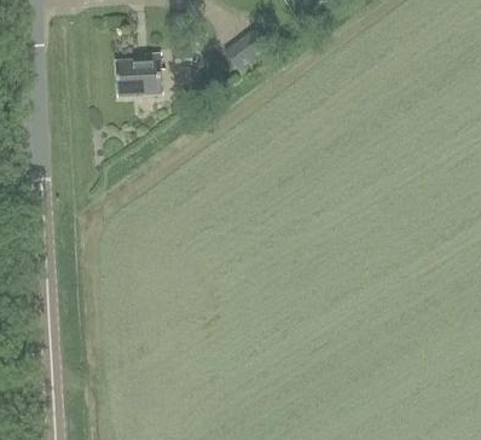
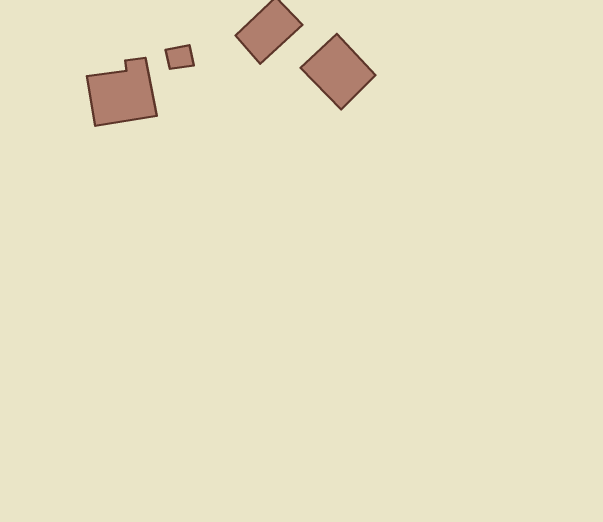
building: none -> [301,34,375,110]

